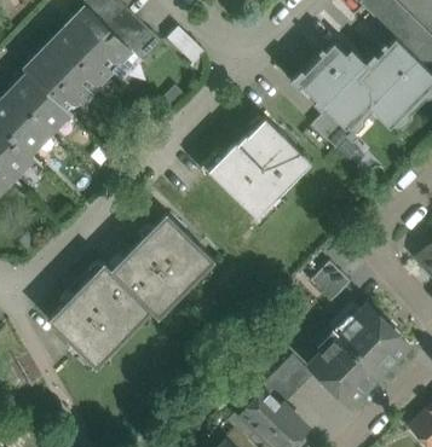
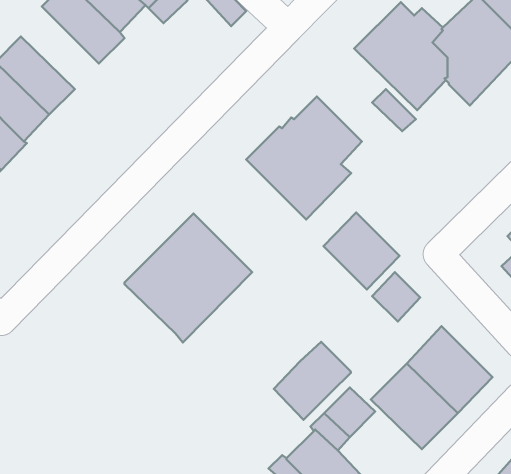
building: [24,47,91,114] -> none
building: none -> [323,213,400,290]
building: [48,263,152,367] -> none
building: none -> [274,342,351,420]

